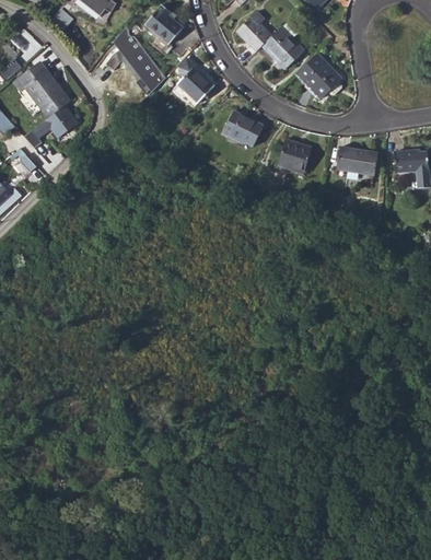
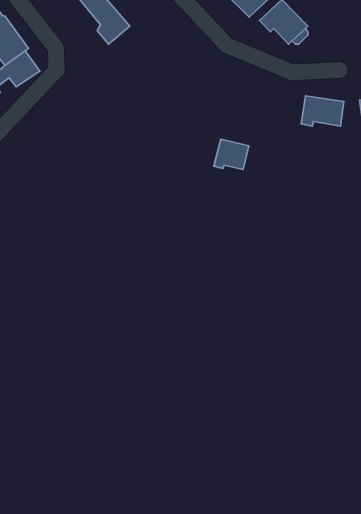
building: [177,67,213,103] -> none
building: [221,110,263,147] -> none
building: [277,140,311,170] -> [214,139,249,170]

